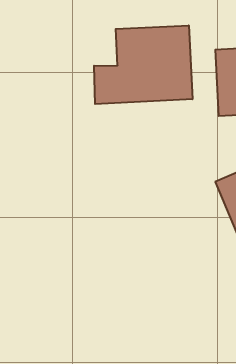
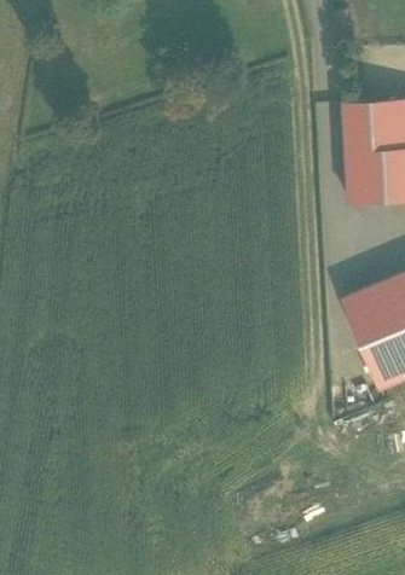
building: [94,25,192,104] -> none

